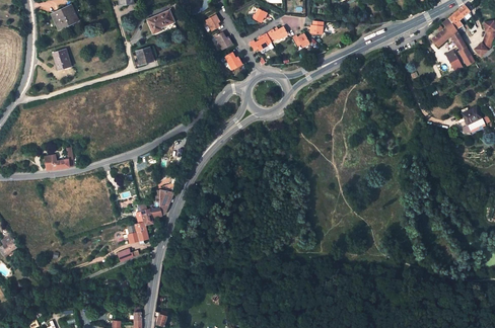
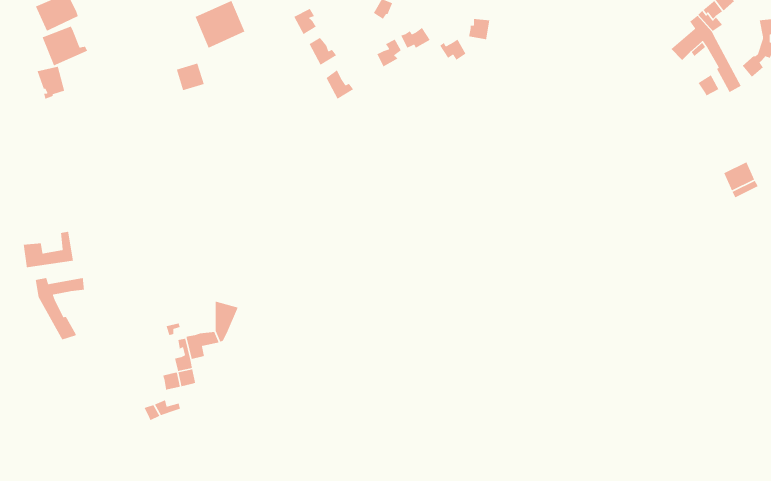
building: none -> [41,25,88,66]
building: none -> [35,277,85,340]

